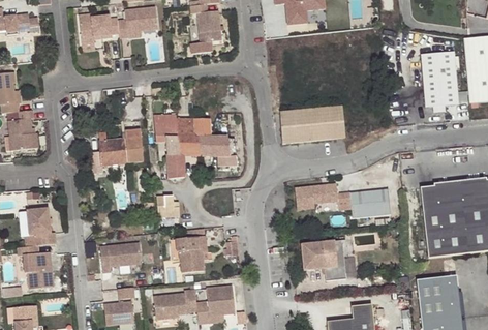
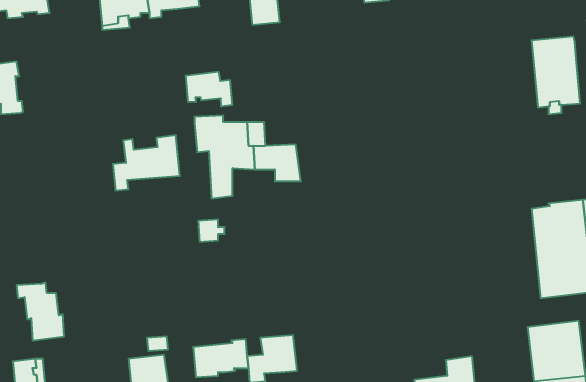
building: none -> [186,72,232,107]
building: [279,104,344,143] -> none
building: [7,109,38,149] -> none
building: [294,182,337,209] -> none
building: [348,186,390,217] -> none
building: [25,207,56,245] -> none
building: [170,236,206,273] -> none
building: [301,239,345,280] -> none
building: [99,242,141,272] -> none

